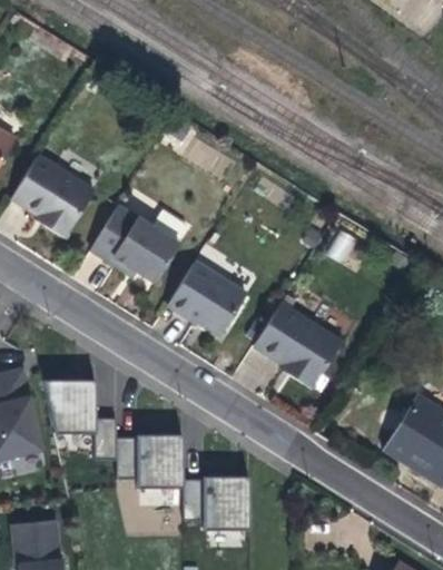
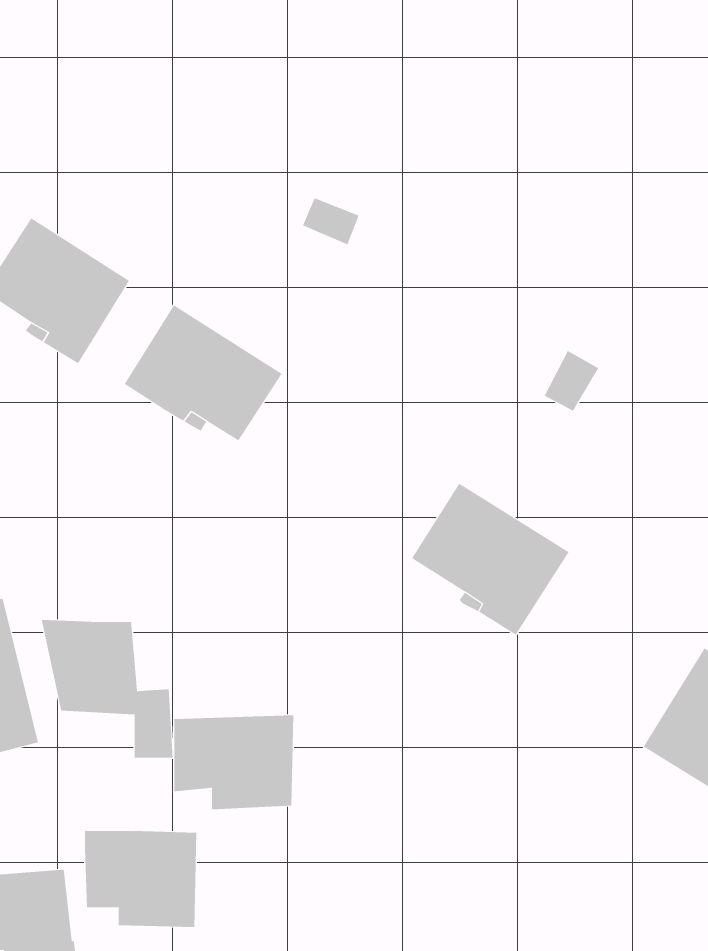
building: [167,262,246,335] -> none
building: [185,475,248,530] -> [84,831,197,928]

